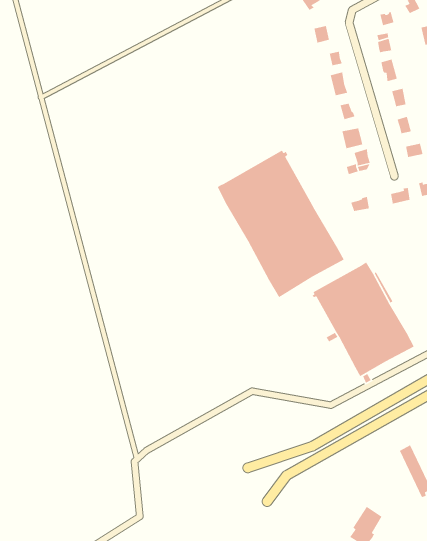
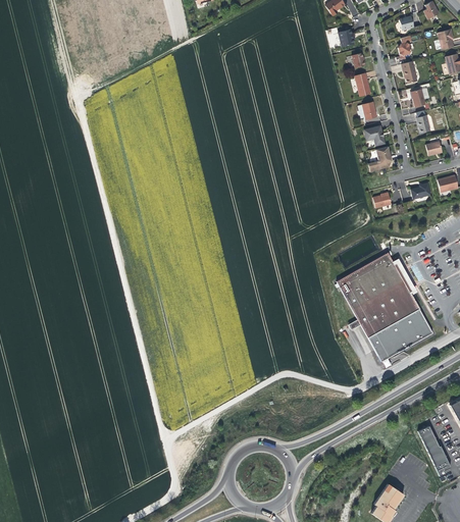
building: [217,150,345,298] -> none

